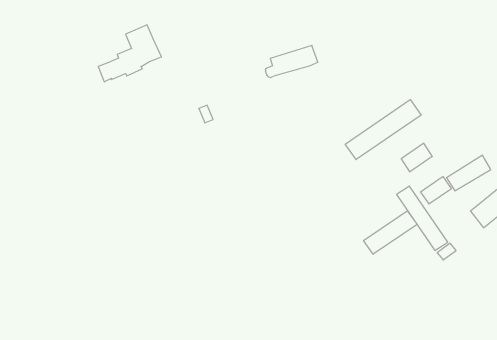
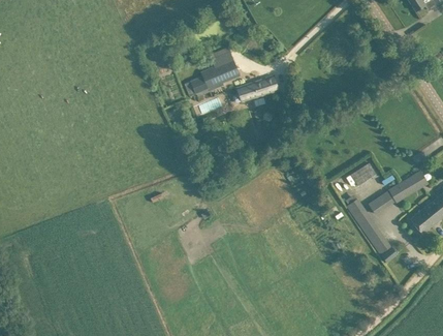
building: [98,25,161,82] -> [185,47,240,96]
building: [345,100,421,160] -> none
building: [364,211,417,254] -> none

